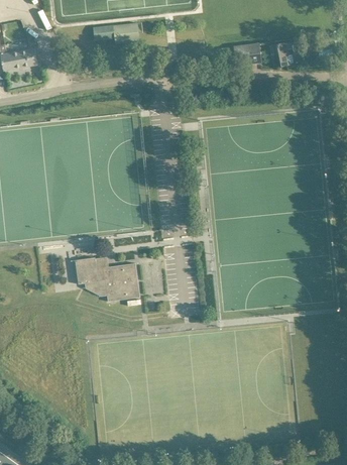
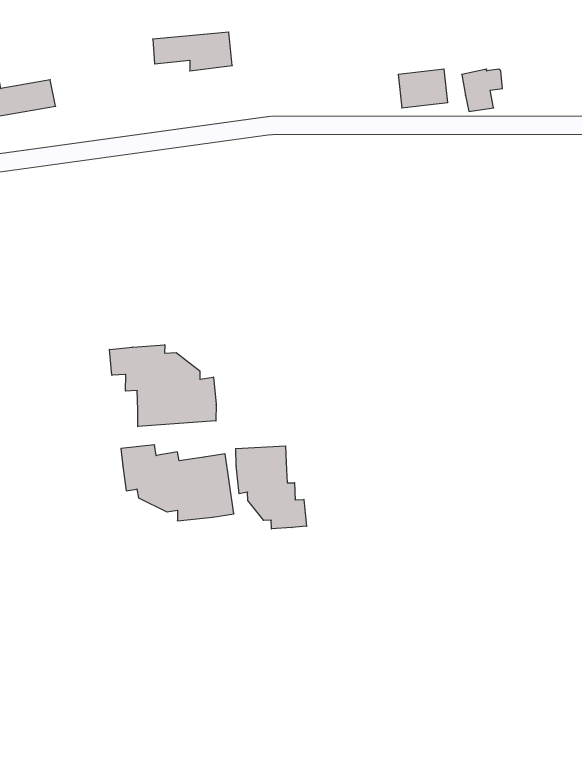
building: none -> [110,345,216,427]
building: none -> [236,446,307,529]

